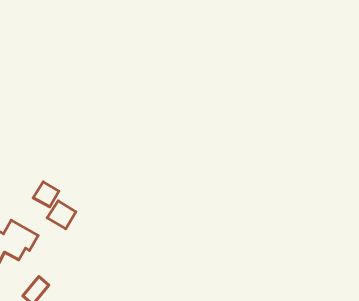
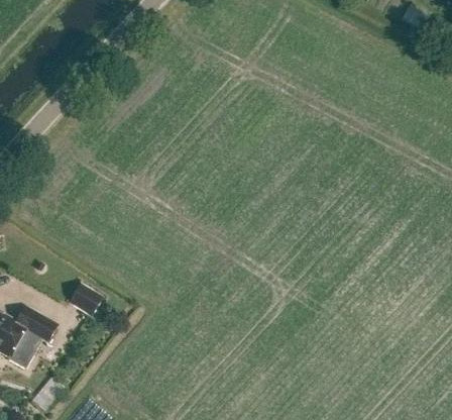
building: [33,182,59,207] -> none

